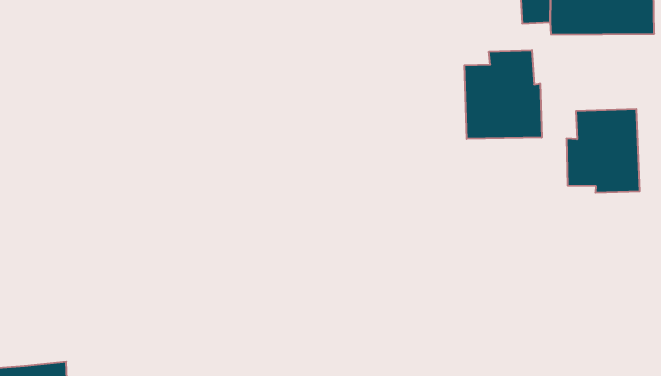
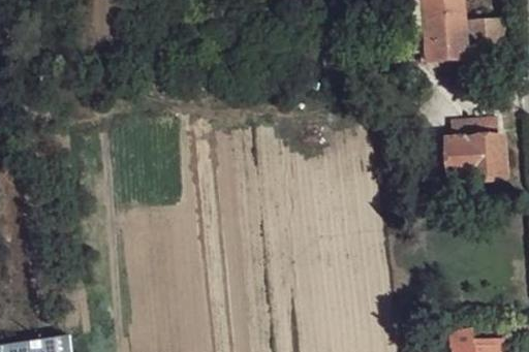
building: [464,50,542,139] -> none

